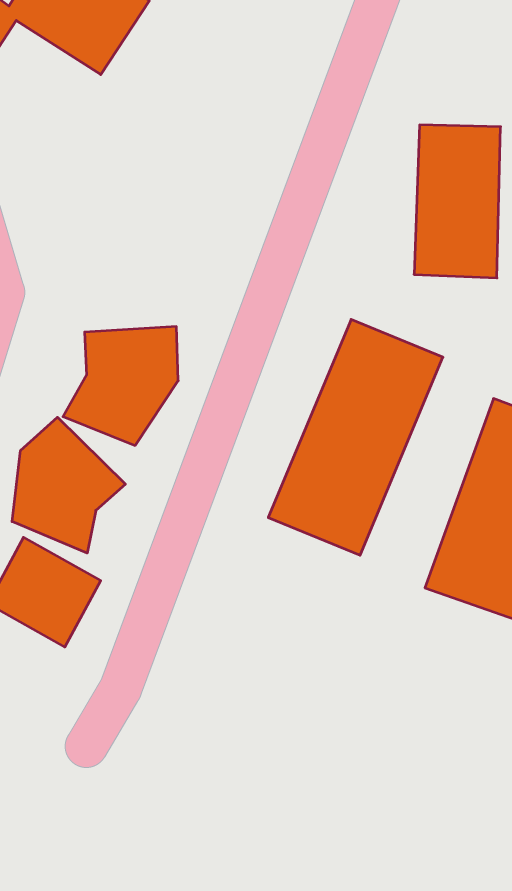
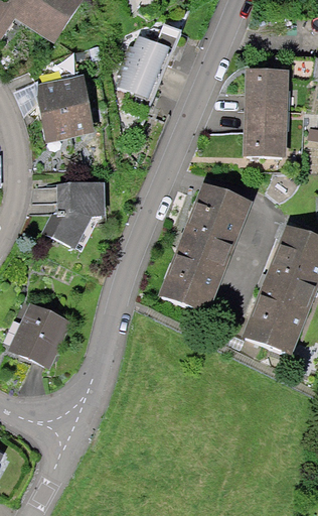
building: none -> [121,37,172,97]
building: none -> [38,75,102,141]
building: [12,417,125,553] -> none

